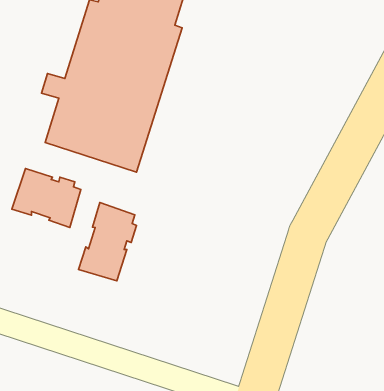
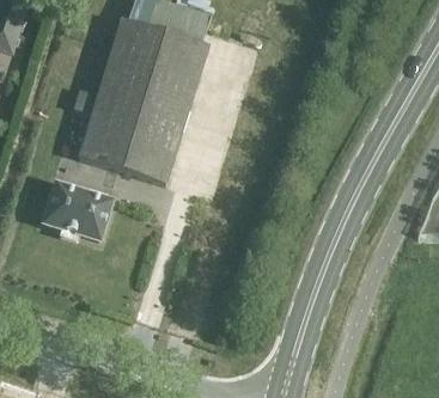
building: [78,203,136,281] -> none

